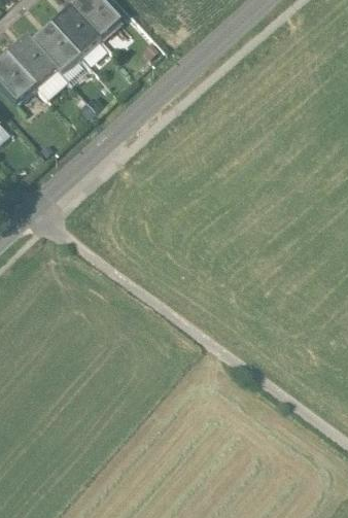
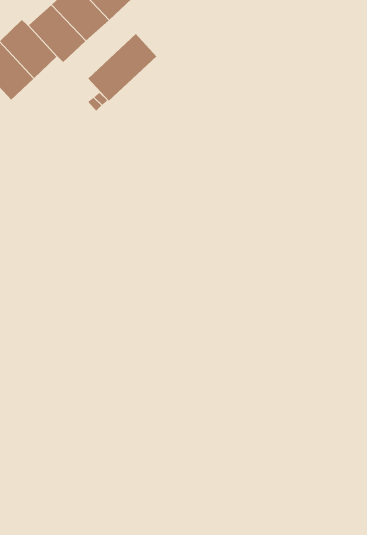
building: none -> [88,33,157,101]

